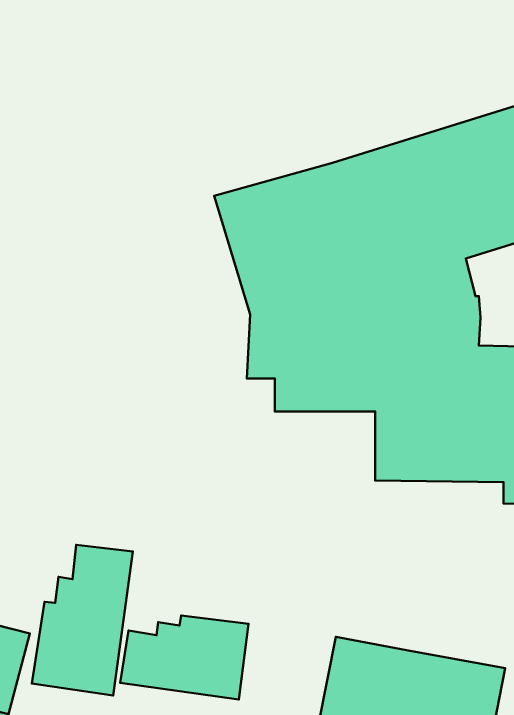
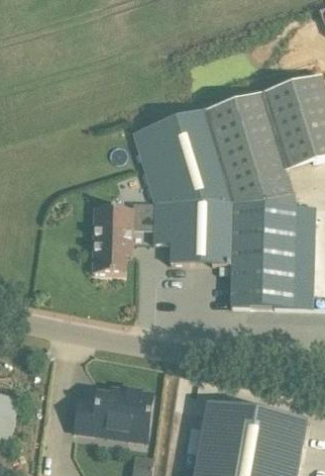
building: none -> [93,208,132,271]
building: [32,545,133,695] -> none

